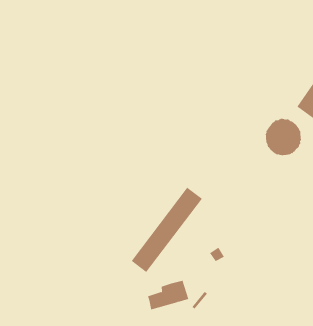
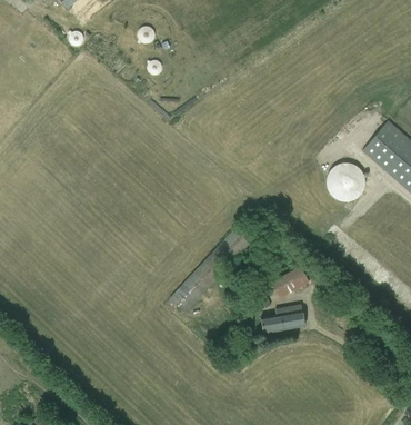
building: none -> [270,265,309,298]
building: [147,280,189,310] -> [260,304,304,333]

